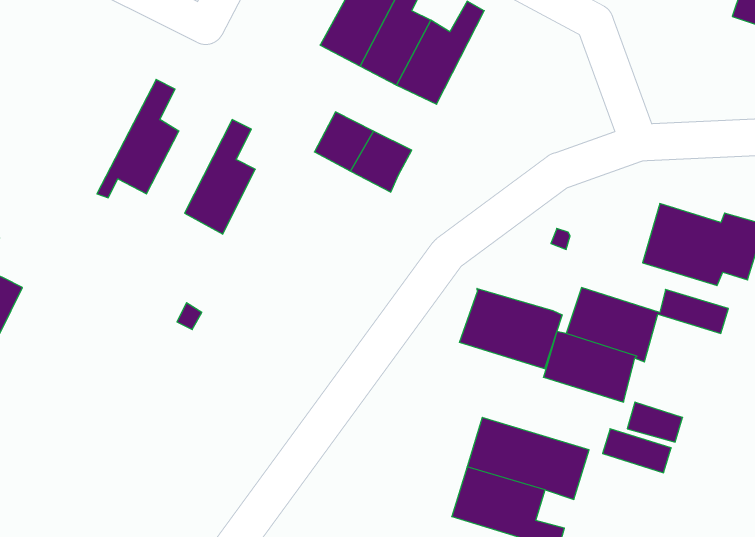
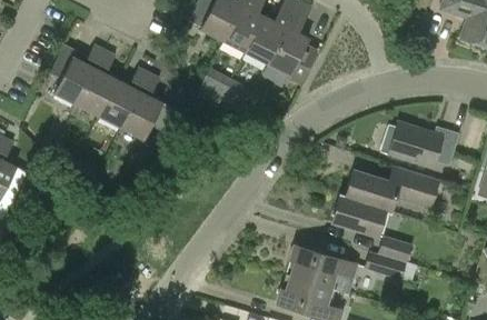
building: none -> [268,9,309,76]
building: none -> [50,43,105,116]
building: none -> [99,67,149,127]
building: [459,288,562,369] -> none

